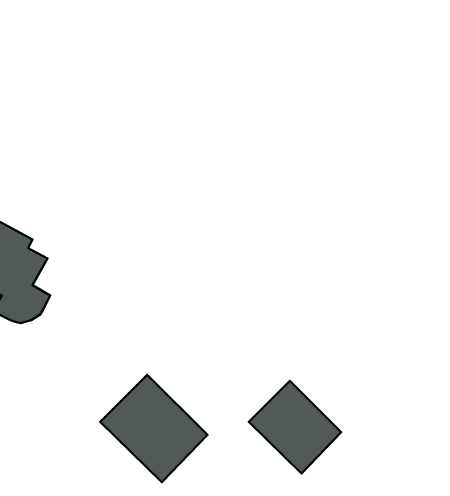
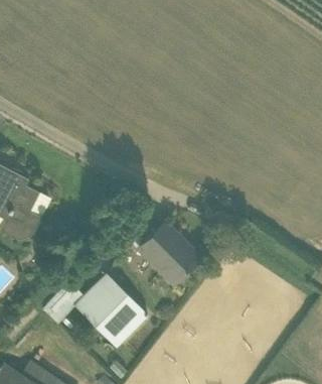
building: [249,381,341,473] -> [136,221,199,284]

